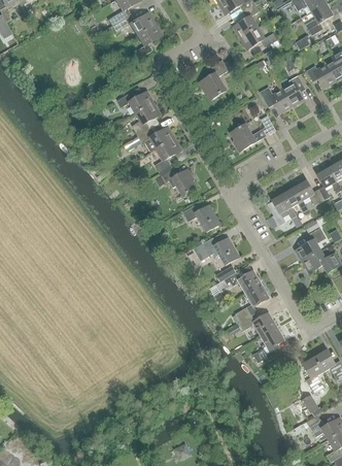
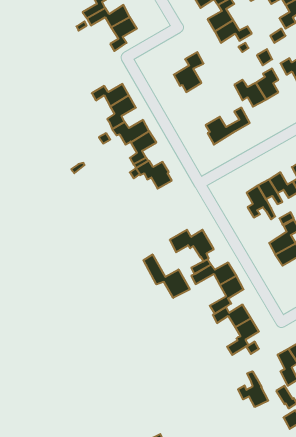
building: [182,205,219,232] -> none
building: none -> [143,254,190,298]
building: none -> [238,371,268,407]

